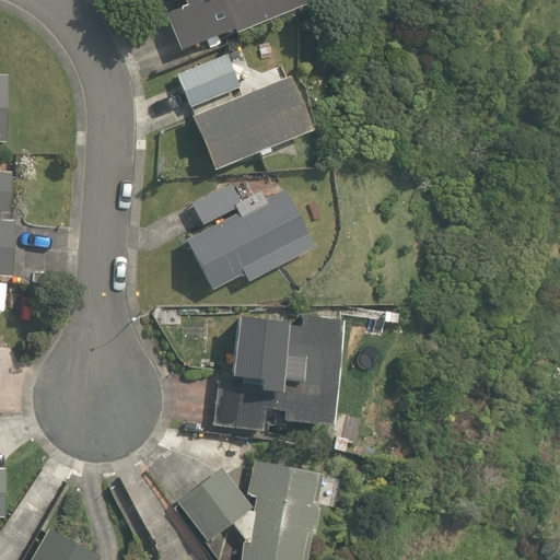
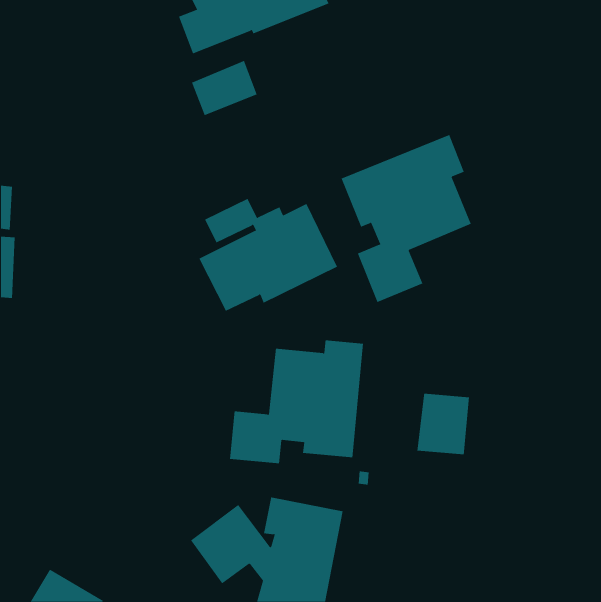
building: [192,78,312,170] -> none
building: none -> [341,134,472,303]
building: none -> [417,393,470,455]

